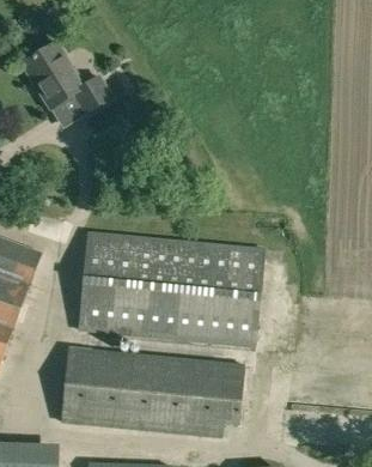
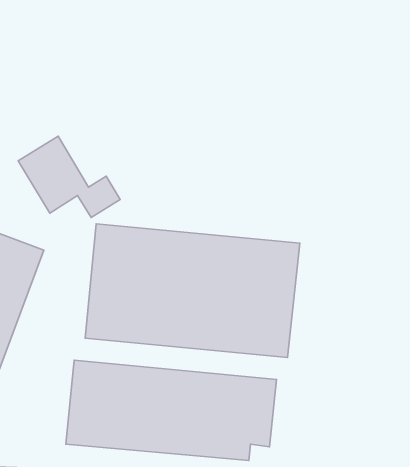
building: [22,42,110,113] -> [18,136,120,217]

